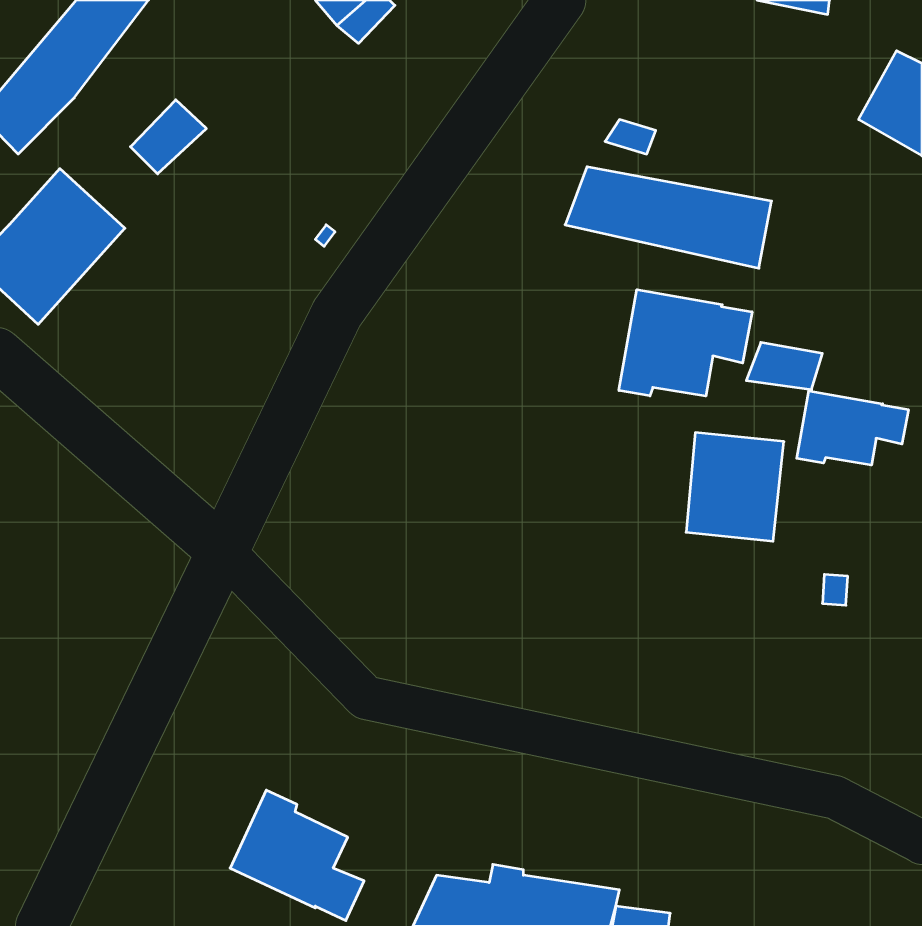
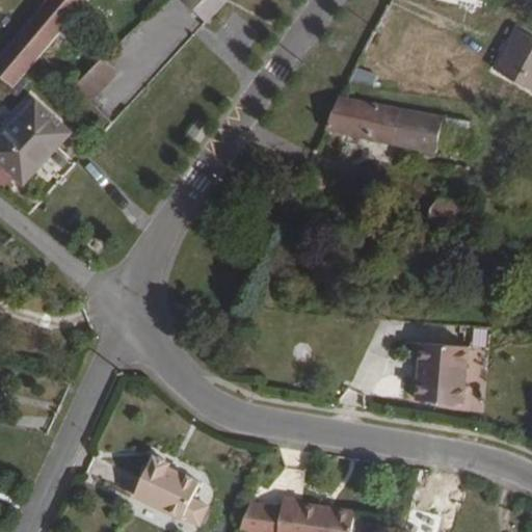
building: [619,290,752,396] -> none
building: [797,391,908,465] -> none
building: [686,433,784,541] -> [414,342,470,404]

